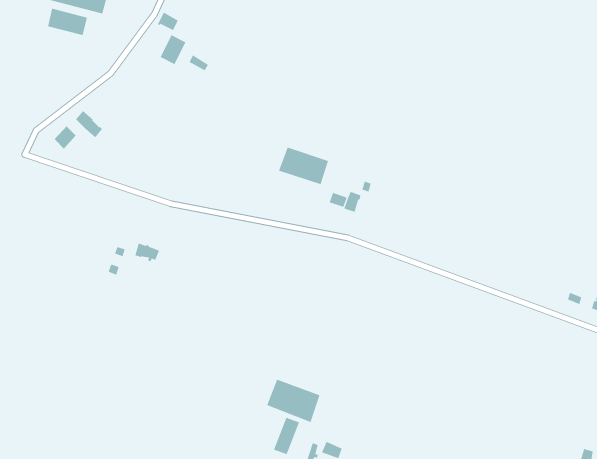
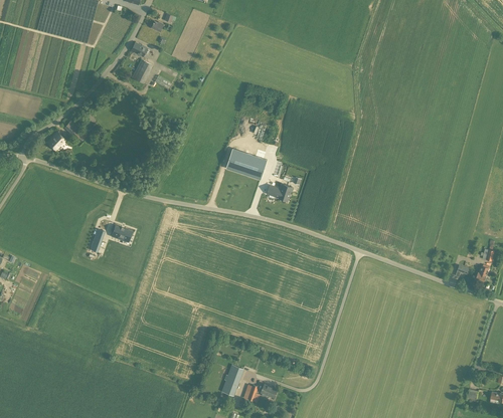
building: [48,8,88,36] -> none
building: [266,379,320,423] -> none

